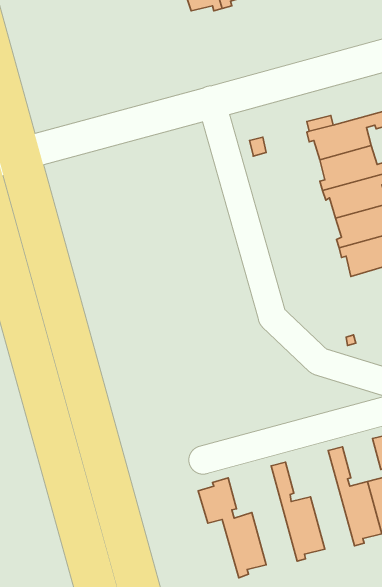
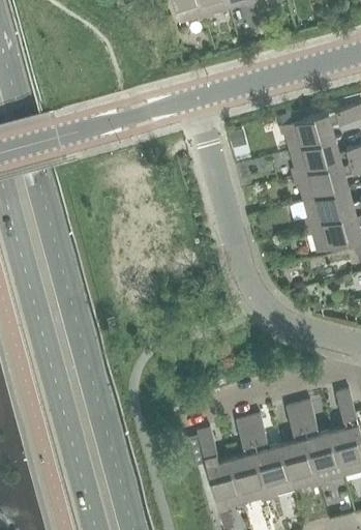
building: none -> [282,404,321,490]
building: none -> [232,417,271,503]

